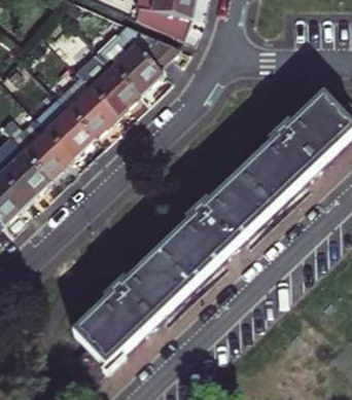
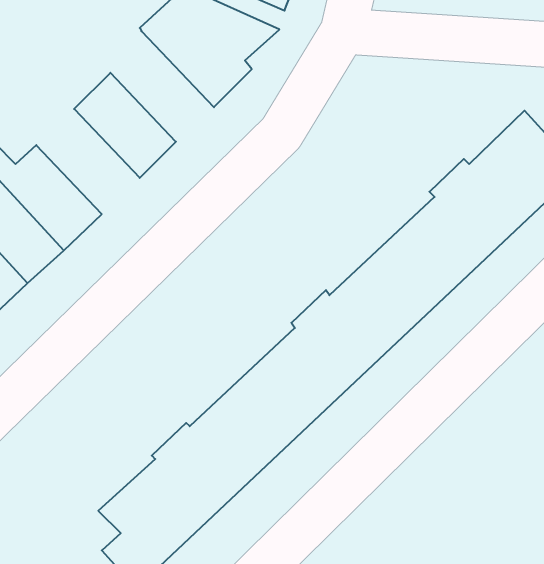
building: [76,49,141,115] -> none
building: [35,96,97,158] -> none

